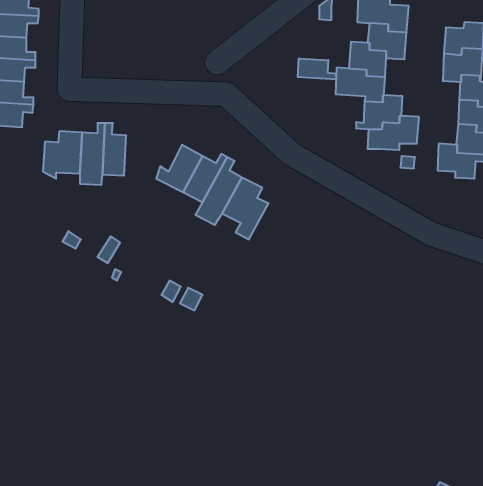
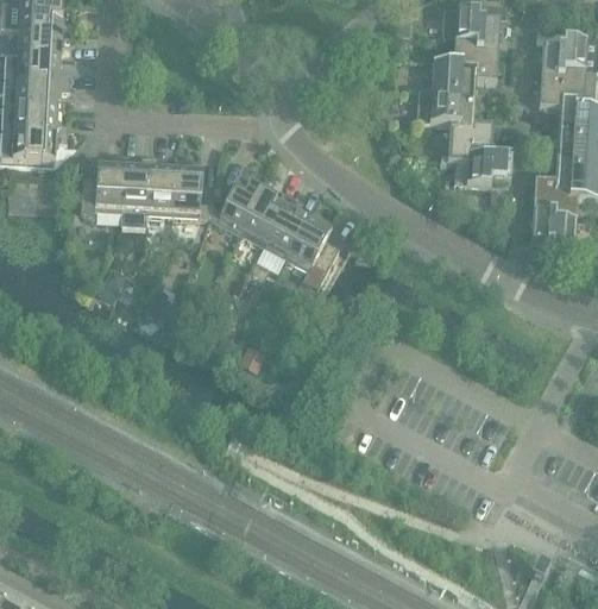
building: [298,58,336,80] -> none
building: none -> [172,167,214,216]
building: none -> [531,207,577,247]

